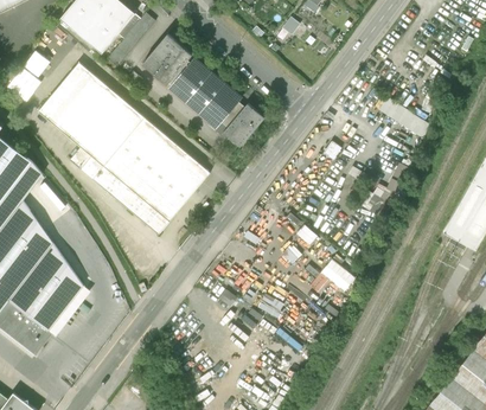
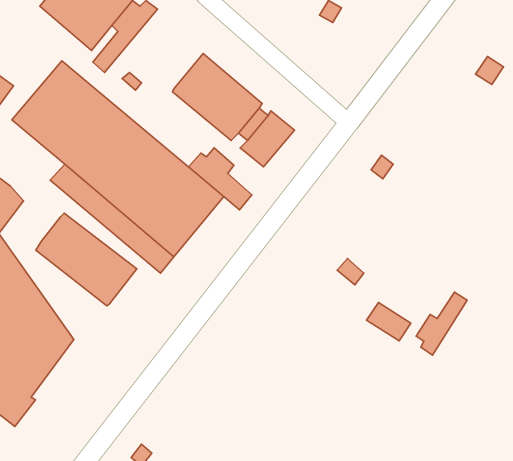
building: [141,33,192,85] -> none
building: none -> [189,148,252,210]
building: none -> [36,213,137,306]
building: none -> [416,292,467,355]

